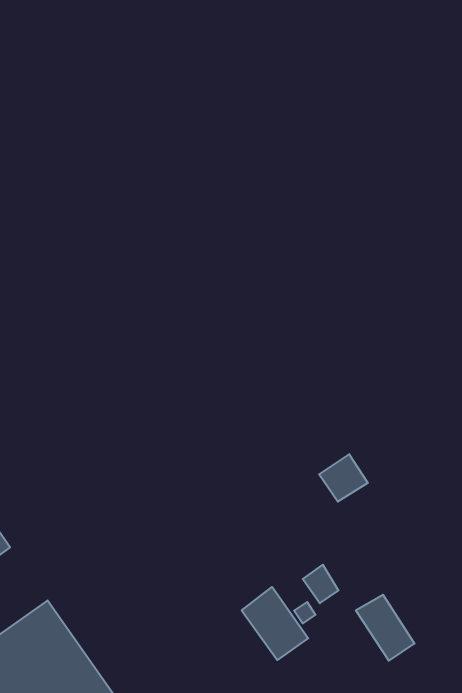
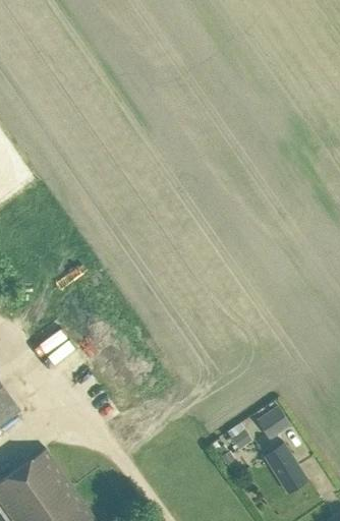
building: [319,454,368,502] -> [253,404,288,438]
building: [242,587,308,660] -> none

